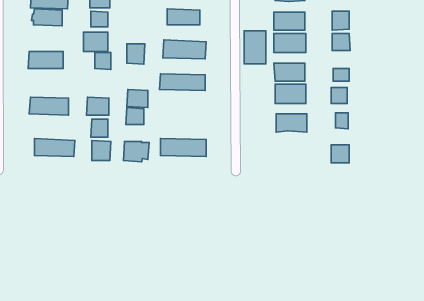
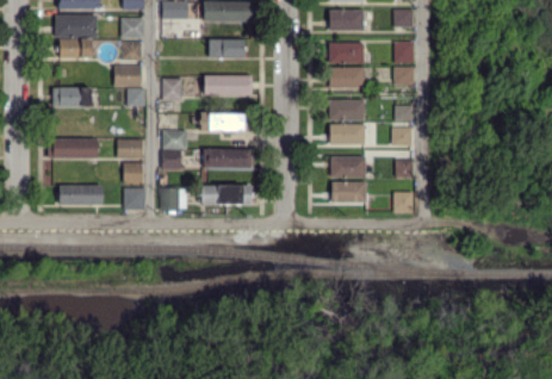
building: [244,31,266,64] -> none
building: none -> [204,148,252,168]
building: none -> [331,182,367,203]

